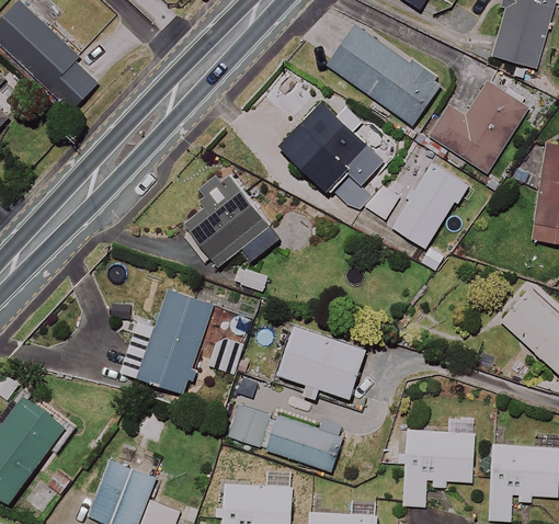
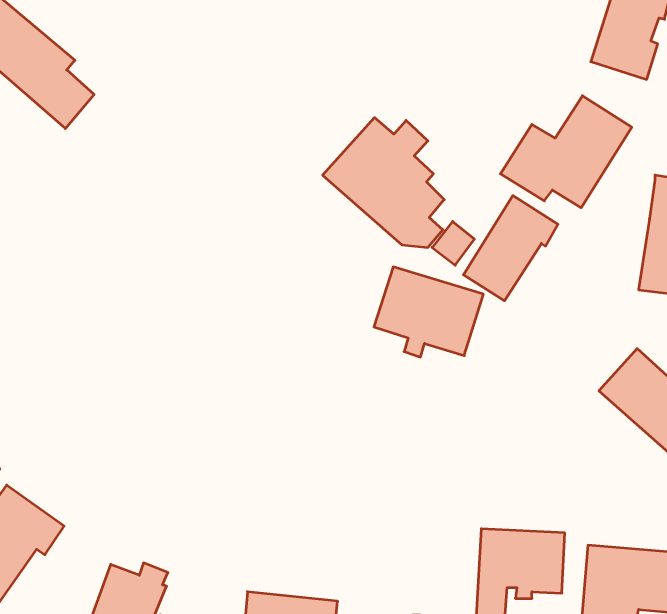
building: [328,27,440,125] -> none
building: [181,178,277,267] -> none
building: [122,291,213,391] -> none
building: [278,327,366,399] -> [374,267,483,357]
building: [229,406,269,445] -> none
building: [264,415,342,470] -> none

